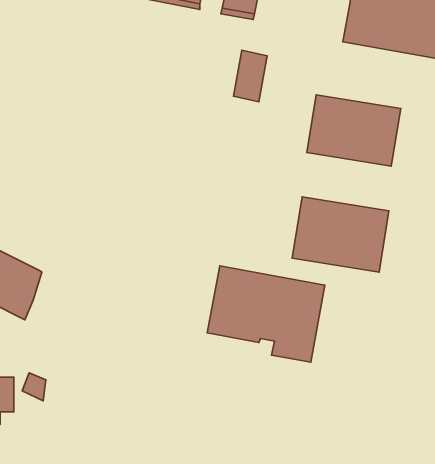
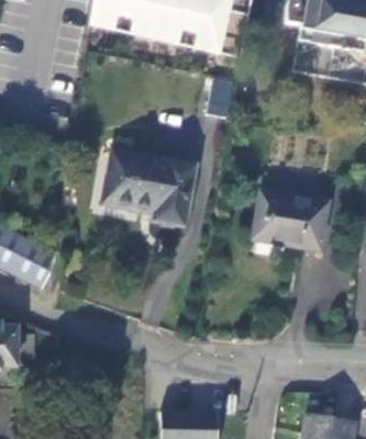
building: [307,95,401,166] -> none
building: [207,266,325,362] -> [101,150,193,226]

